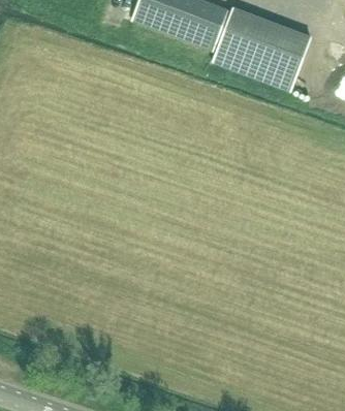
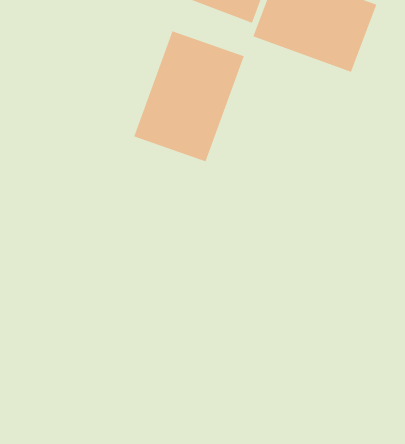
building: none -> [133,31,244,162]

